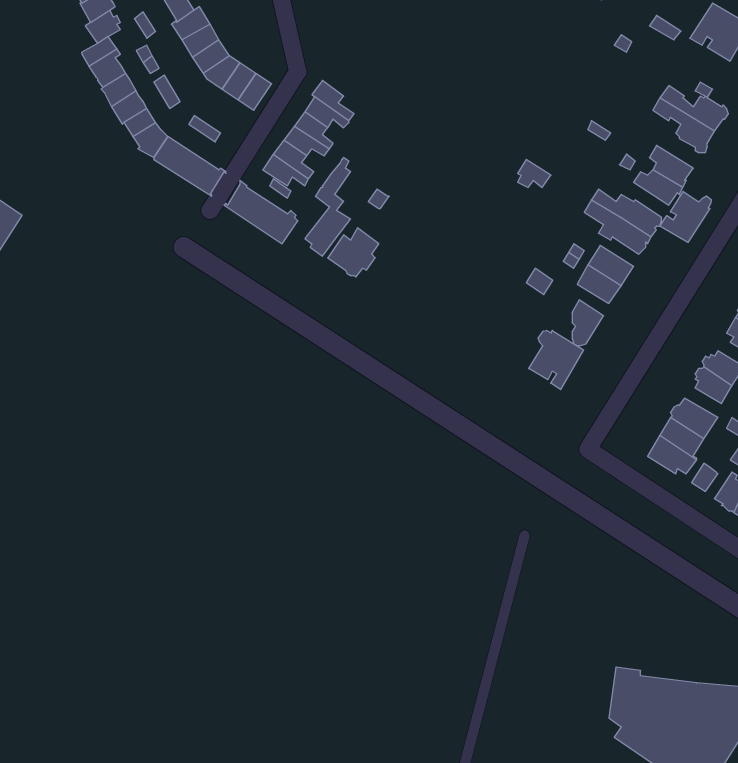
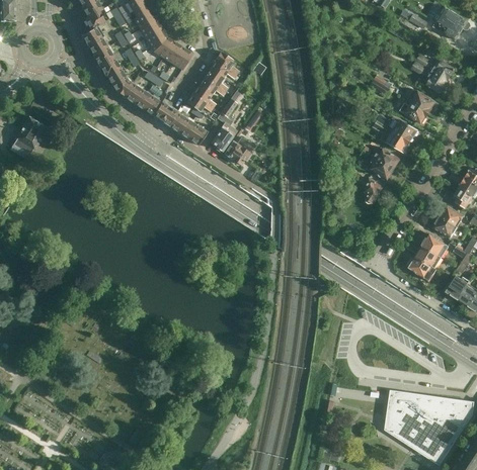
building: [660,191,711,242] -> none
building: [529,330,584,390] -> none

